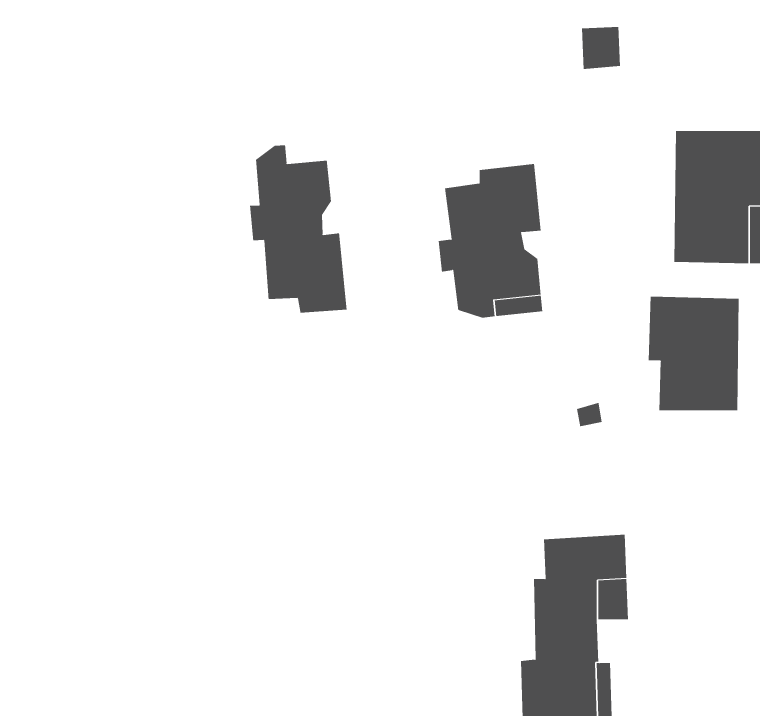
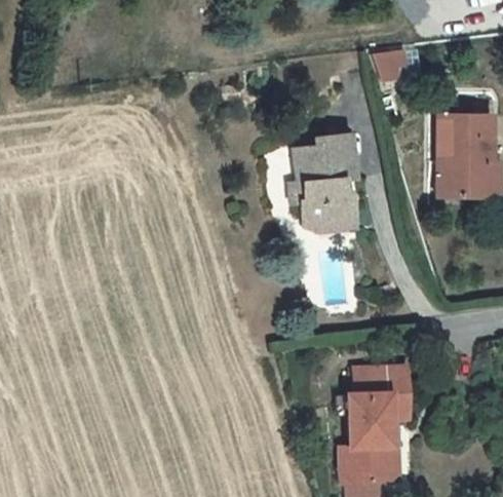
building: [249,145,347,314] -> none
building: [648,296,739,411] -> none

